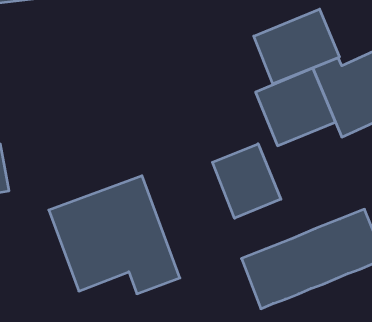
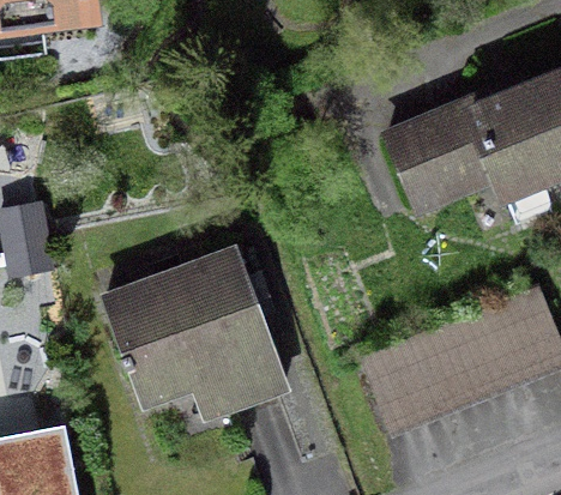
building: [254,9,339,84] -> none
building: [212,144,281,218] -> none

